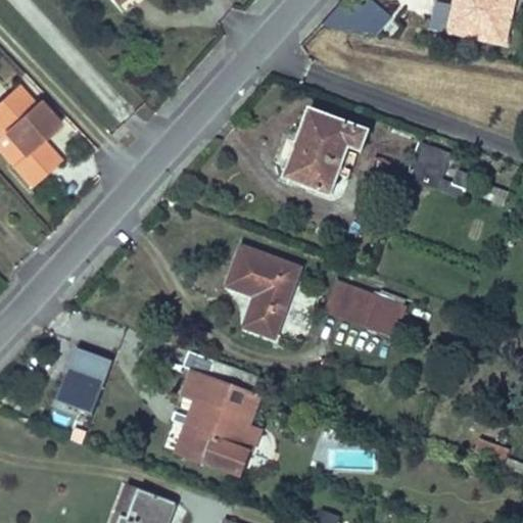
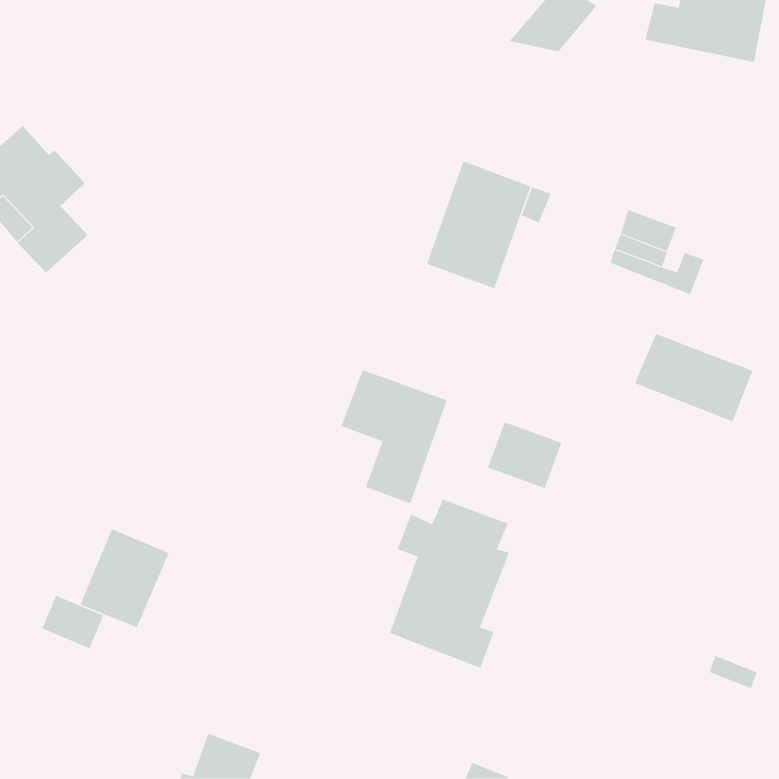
building: none -> [634,333,753,422]
building: [365,296,405,337] -> none
building: [178,361,258,474] -> [389,499,510,668]
building: none -> [42,595,104,649]

